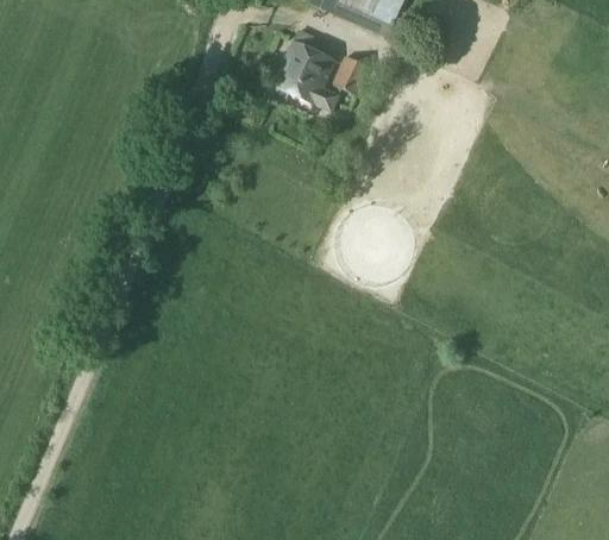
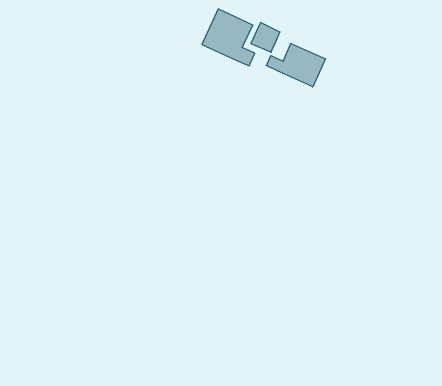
building: none -> [266,43,326,87]

